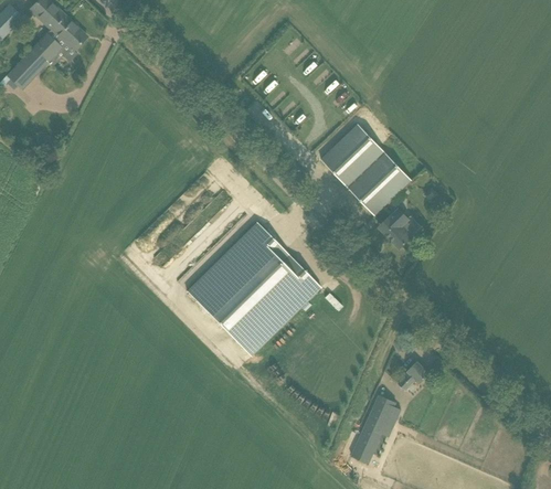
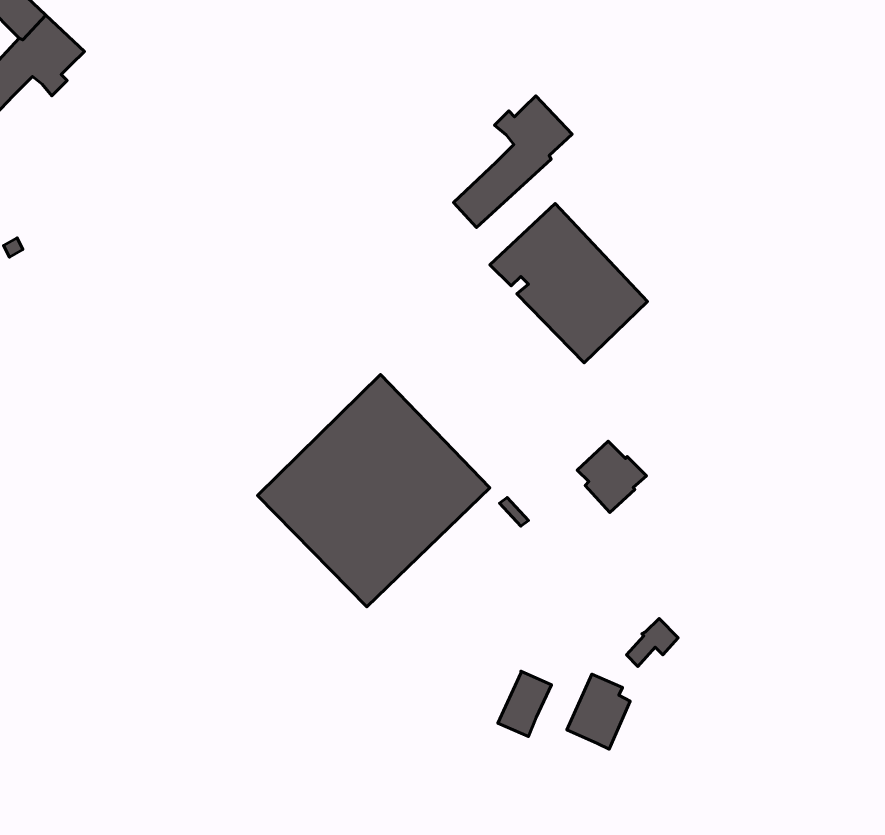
building: none -> [454,96,572,228]
building: [381,208,421,248] -> [577,441,647,512]
building: [351,426,382,464] -> [498,671,552,737]

